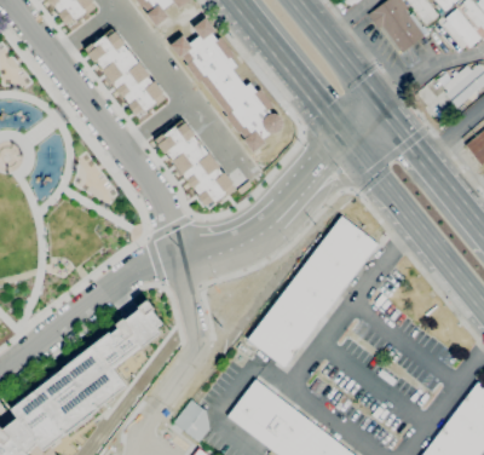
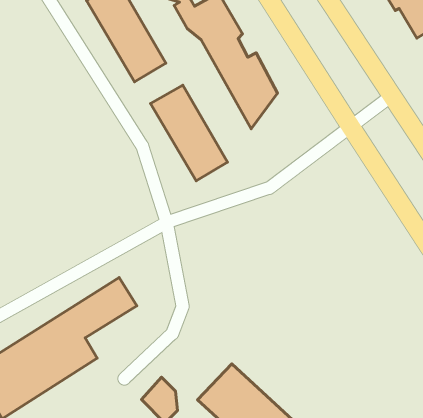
building: [248,215,379,368] -> none

